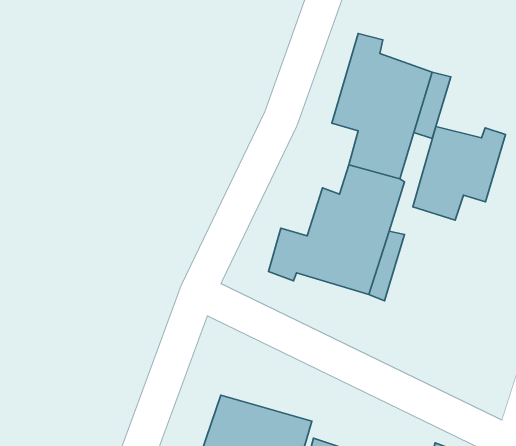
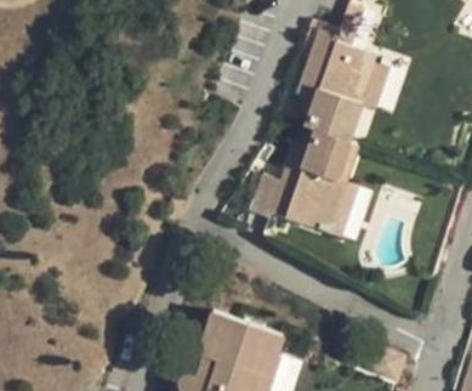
building: [413,126,506,220] -> none

